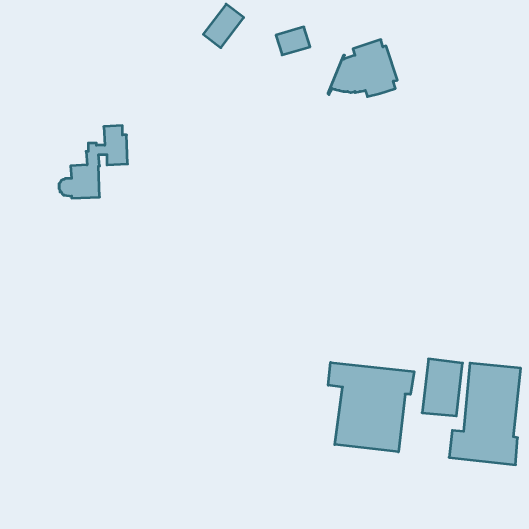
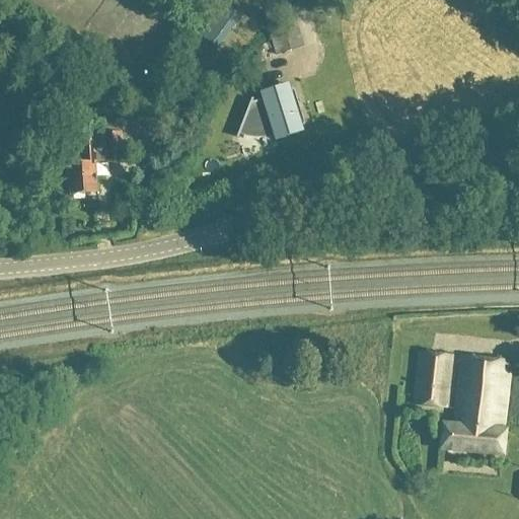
building: [328,40,397,97] -> [237,83,305,139]
building: [328,362,414,452] -> none

